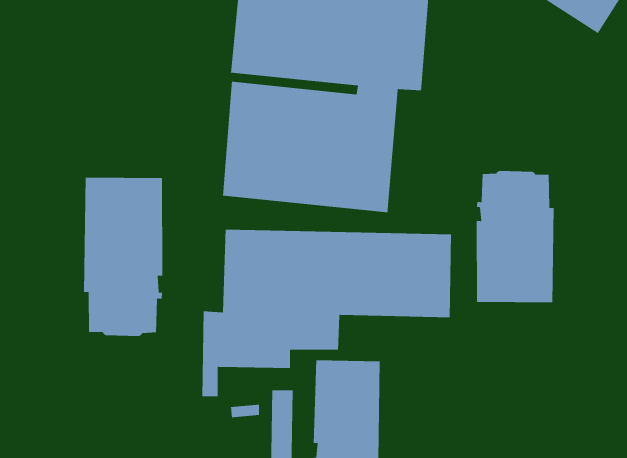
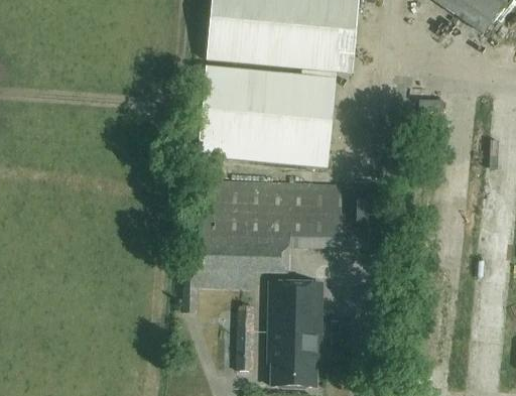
building: [476,170,555,303] -> none
building: [83,177,163,337] -> none

